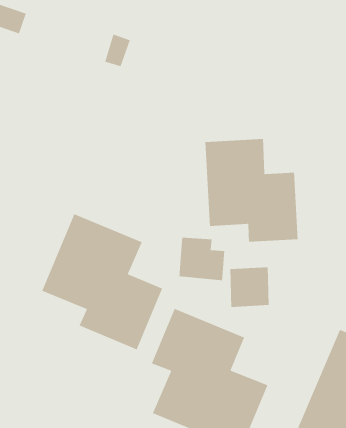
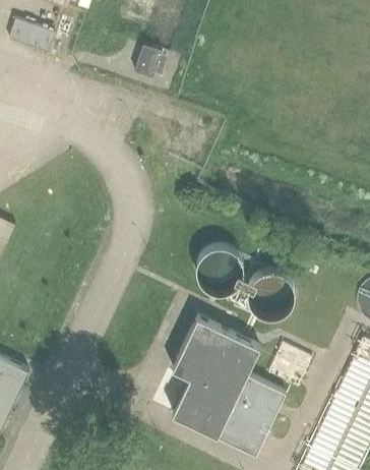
building: [205,138,299,243] -> none
building: [41,213,163,350] -> none

